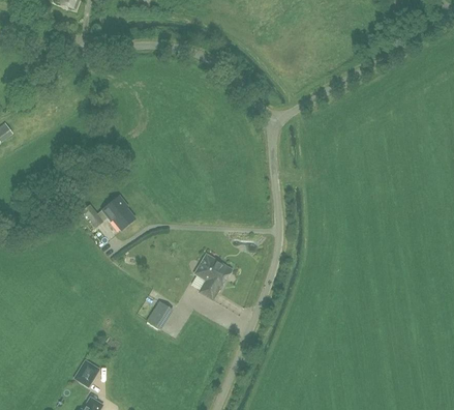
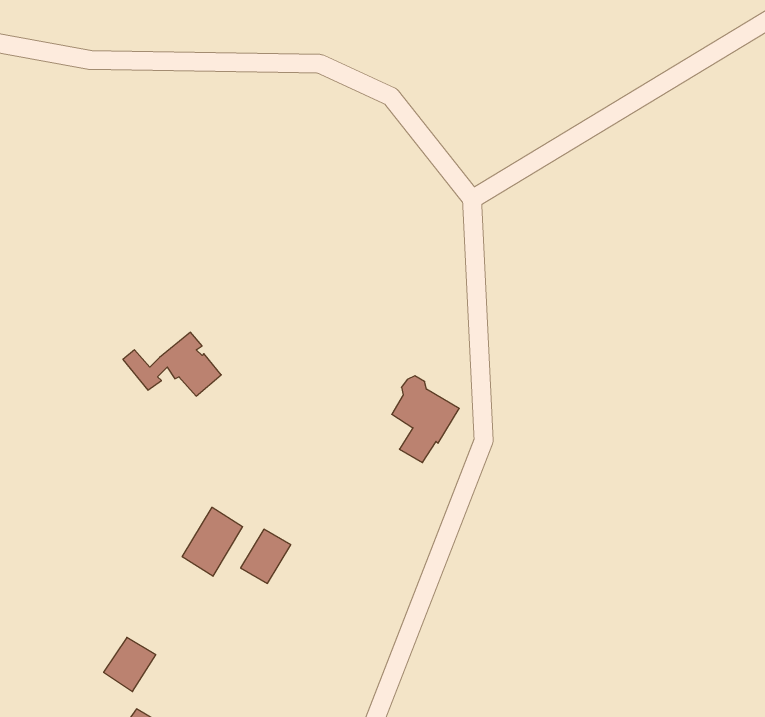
building: [195,252,232,298] -> [392,376,459,463]
building: none -> [182,507,243,576]

